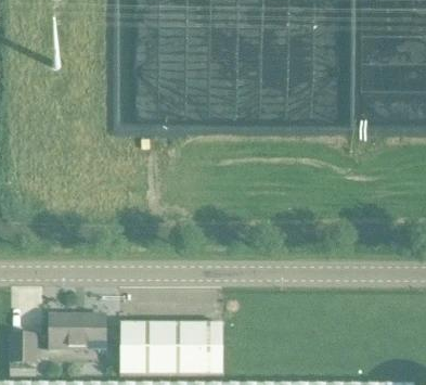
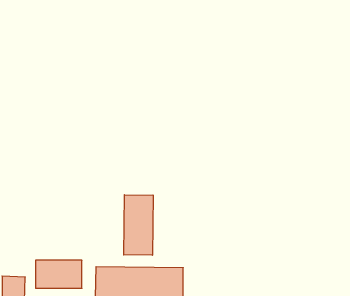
building: none -> [124,195,153,255]

